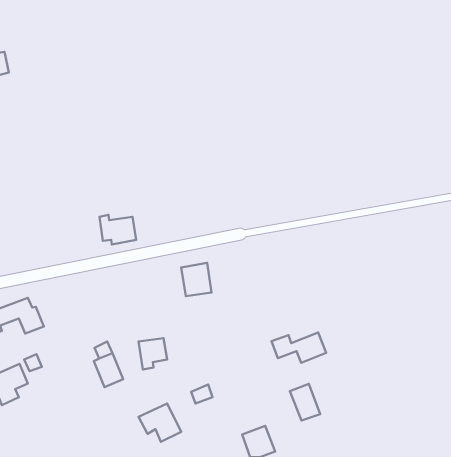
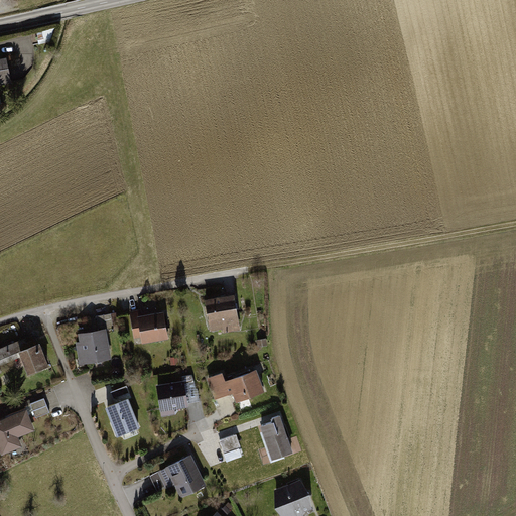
building: [99,215,136,244] -> [126,310,167,344]
building: none -> [73,330,110,367]
building: [272,332,326,363] -> [205,369,266,403]
building: [290,384,320,421] -> [260,418,294,460]

